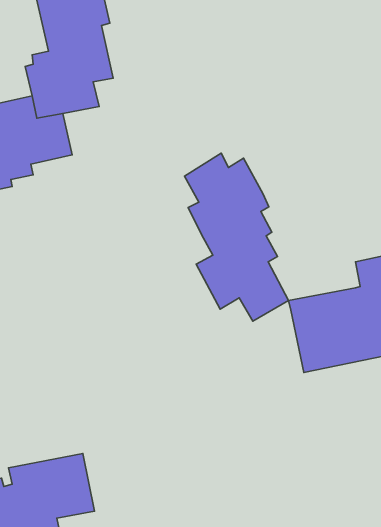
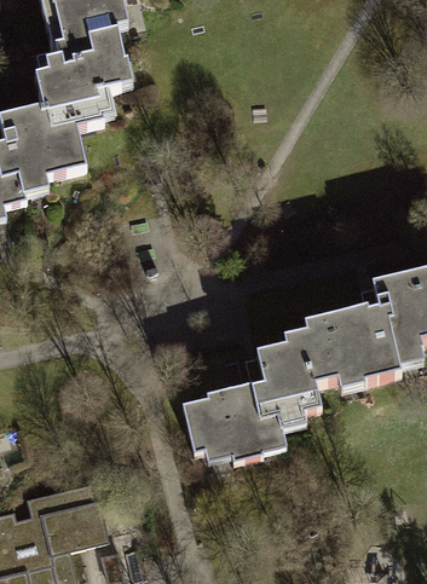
building: [184,153,289,321] -> none
building: none -> [183,326,323,456]

